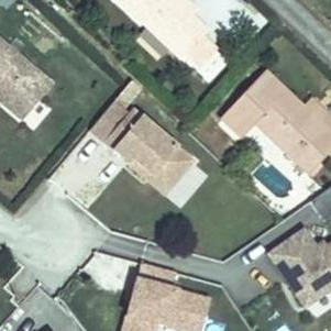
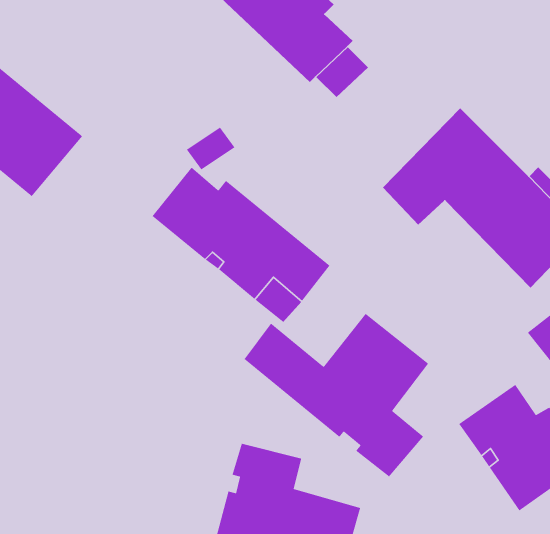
building: none -> [243,313,429,478]

